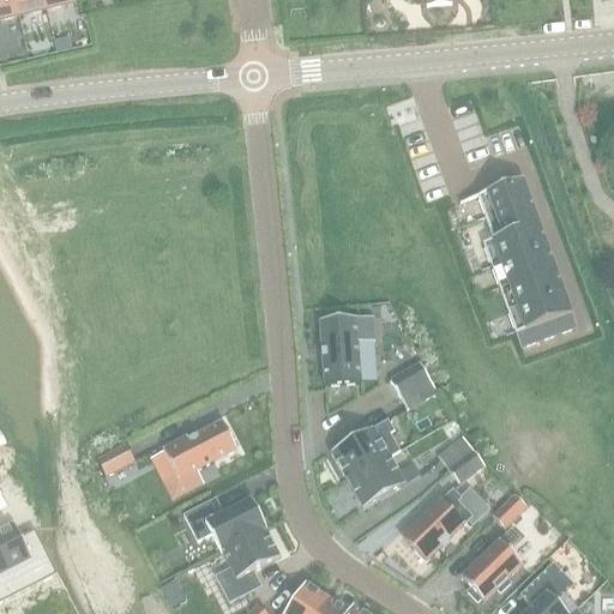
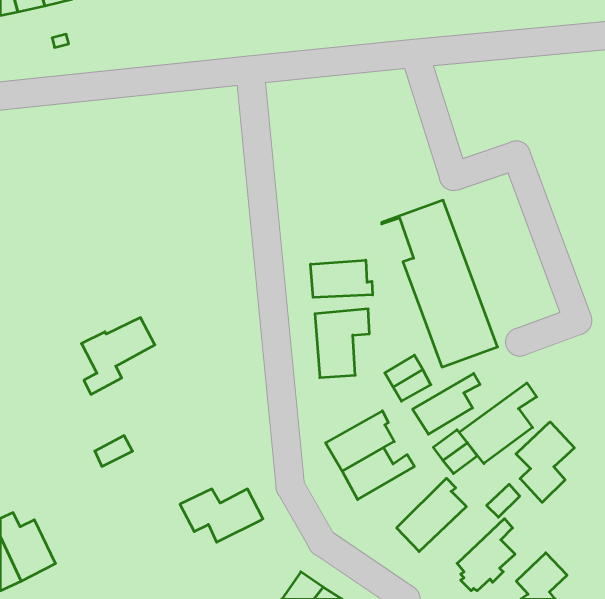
building: [459,175,577,344] -> [382,200,498,367]
building: none -> [311,260,373,297]
building: none -> [413,373,480,434]
building: none -> [459,383,537,464]
building: [162,419,236,496] -> [81,318,155,394]
building: none -> [516,422,574,502]
building: [215,526,279,600] -> none

